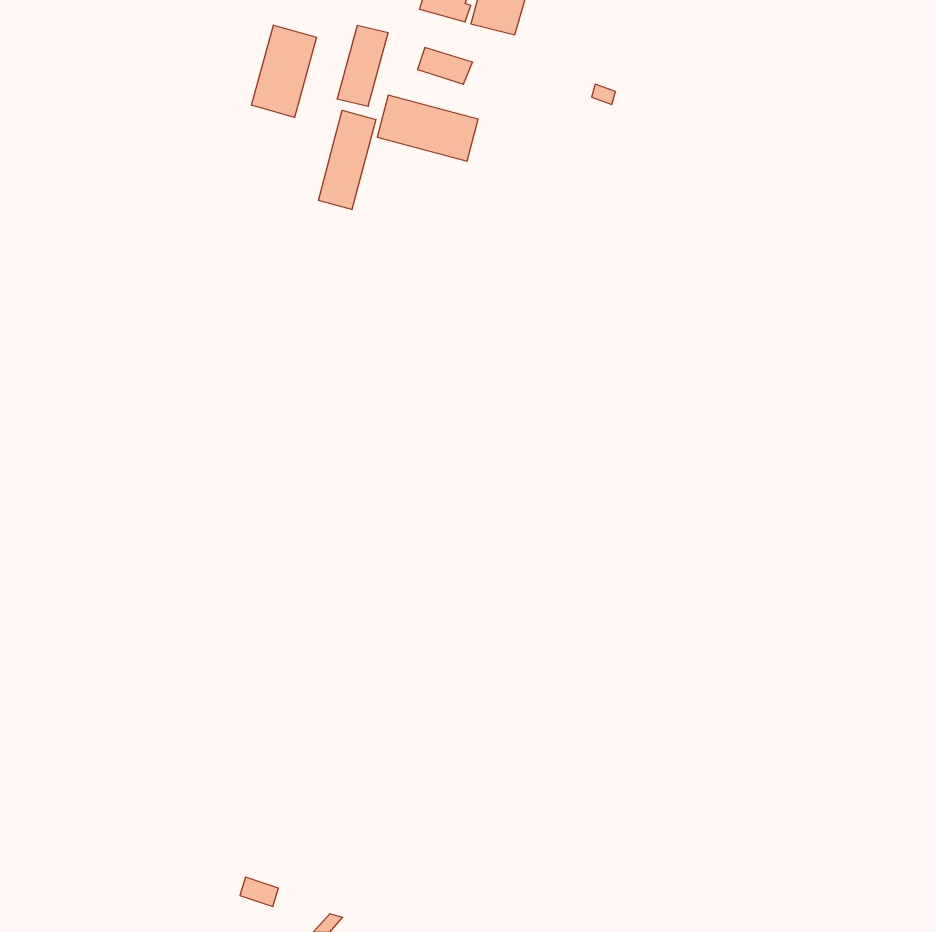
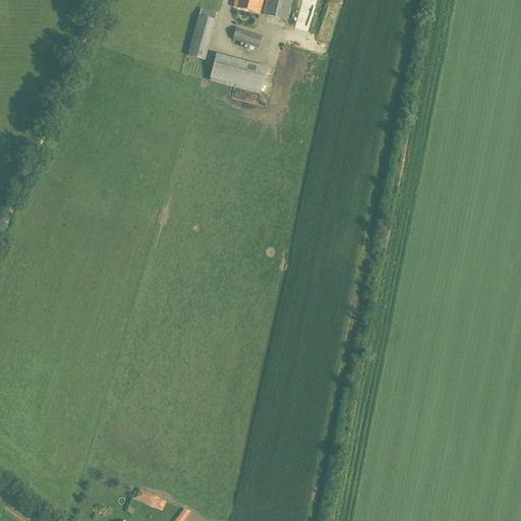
building: [251,25,317,117] -> none
building: [318,110,376,210] -> none

